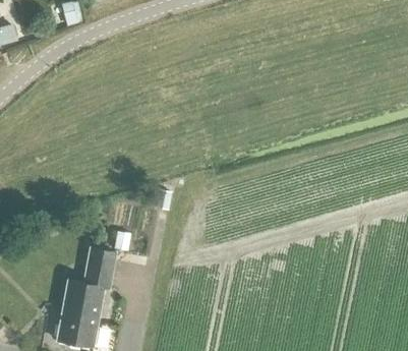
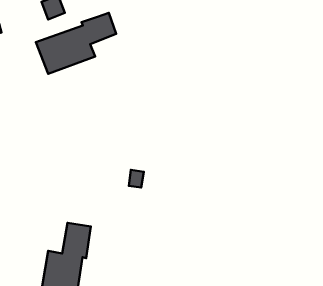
building: none -> [36,13,116,74]

